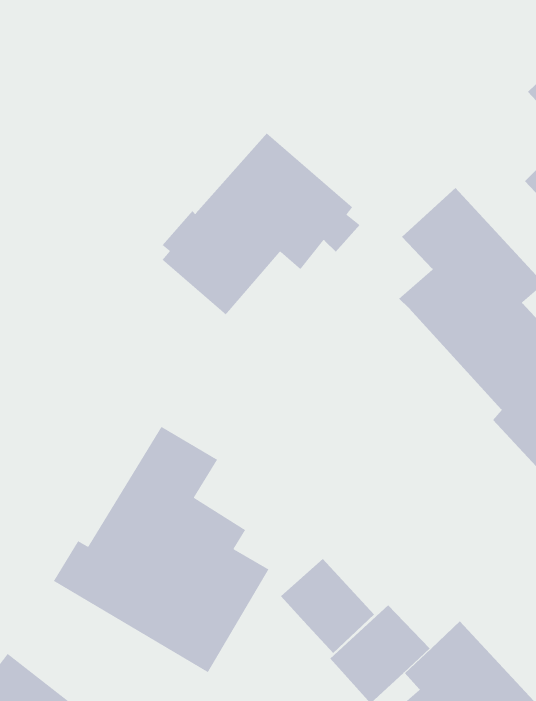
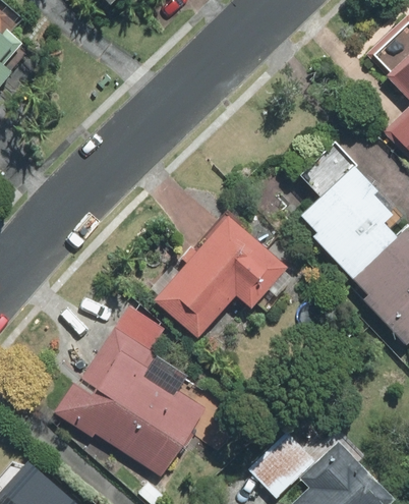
building: [161,133,361,316] -> [153,212,291,339]
building: [280,558,375,654] -> none

